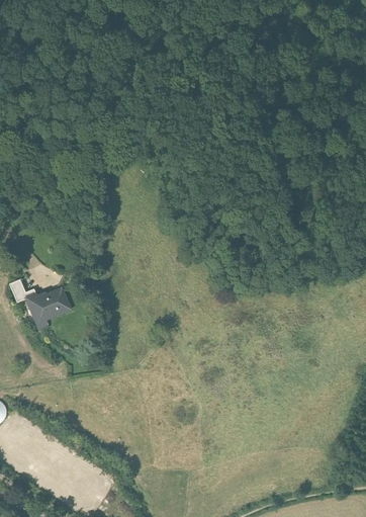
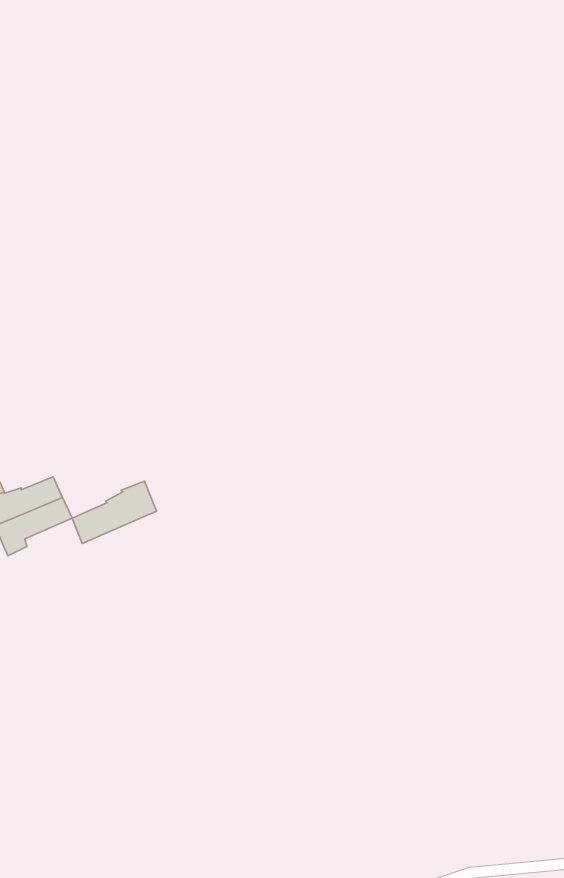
building: none -> [72,481,156,543]

